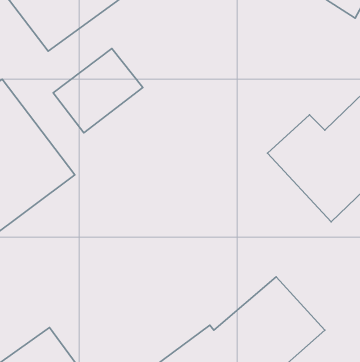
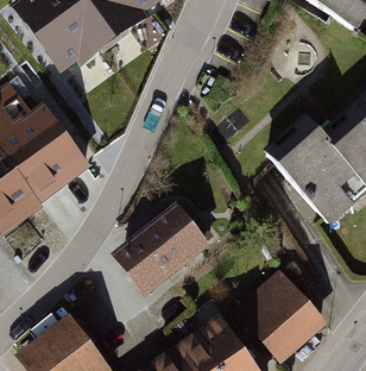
building: [53,49,143,133] -> none
building: none -> [113,201,212,295]

